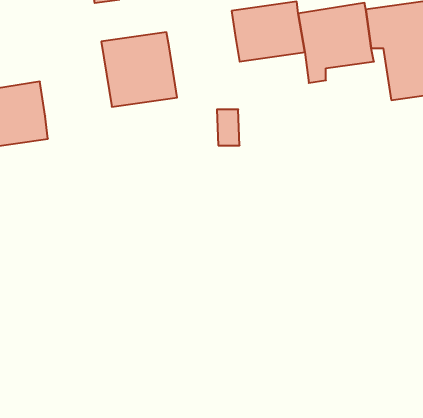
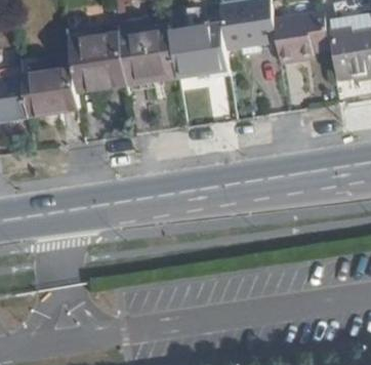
building: none -> [170,35,228,81]
building: none -> [67,38,126,95]

